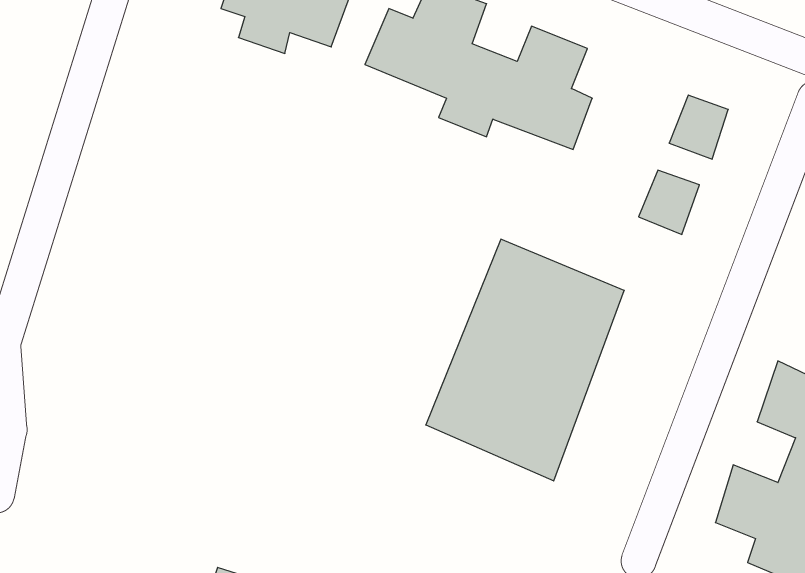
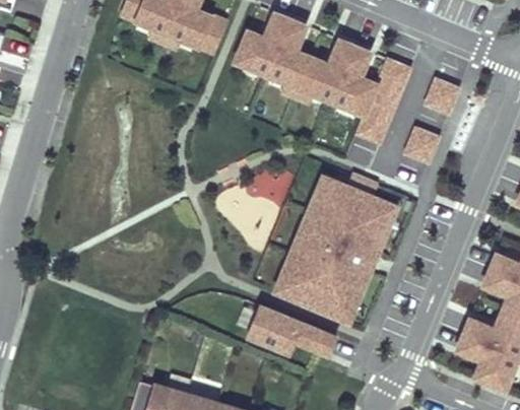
building: none -> [355,59,416,148]
building: none -> [208,160,294,245]
building: none -> [247,300,339,357]

